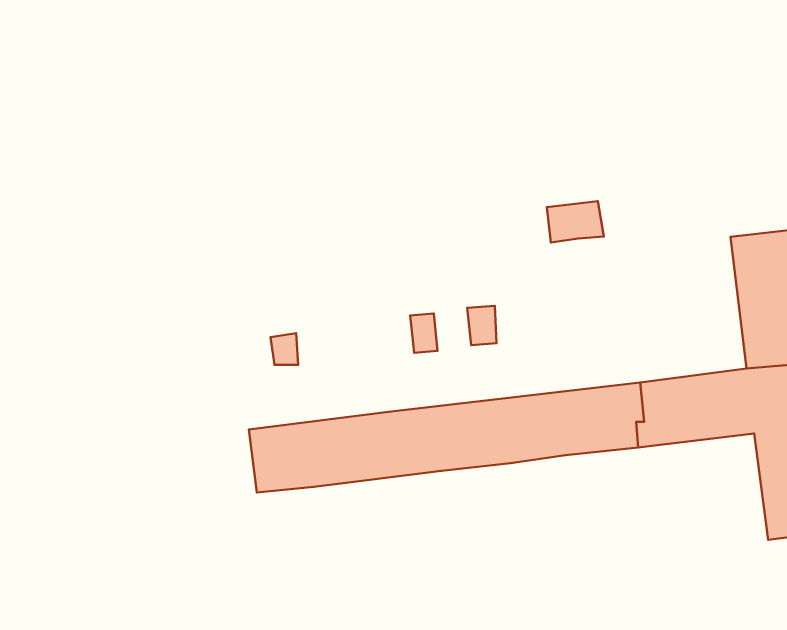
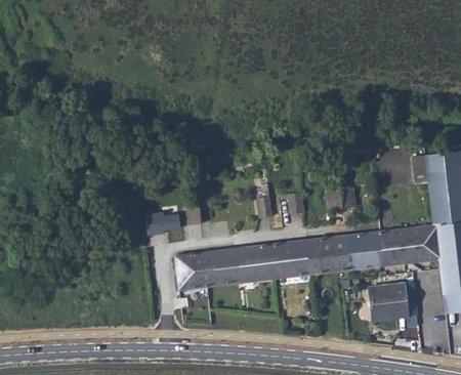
building: [547,201,604,242] -> [326,185,355,207]
building: none -> [146,211,181,233]
building: none -> [369,284,418,321]

